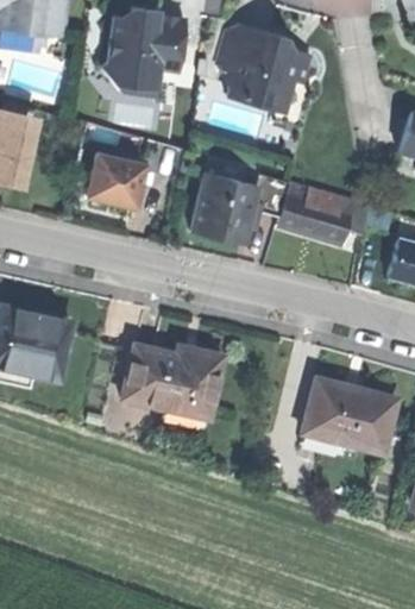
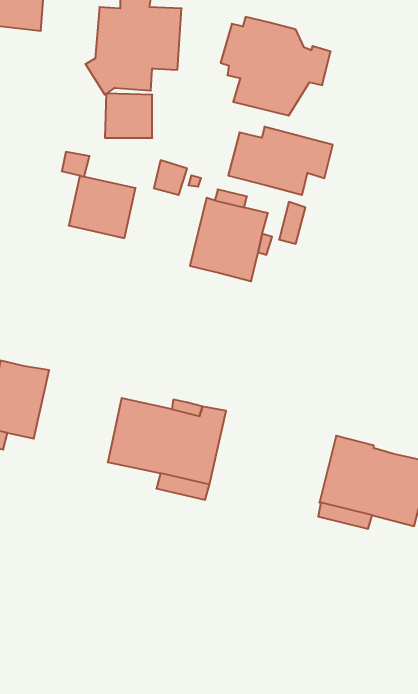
building: [279,187,369,245] -> [228,127,333,195]

